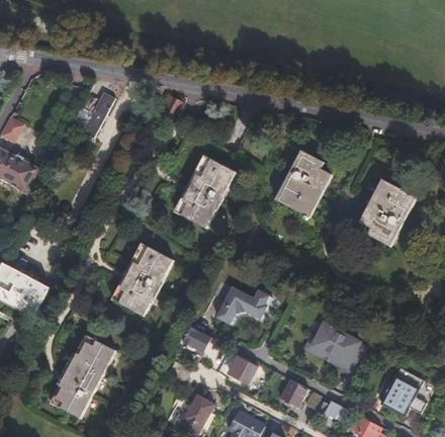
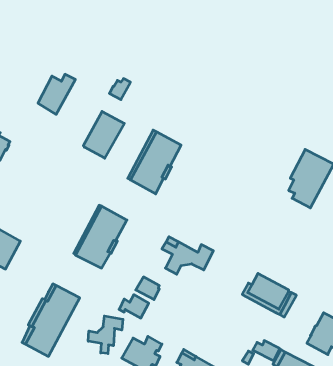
building: none -> [83,111,124,158]
building: [276,150,329,219] -> none
building: [224,355,258,382] -> [119,295,149,318]
building: none -> [88,316,123,354]
building: [282,379,308,408] -> none

